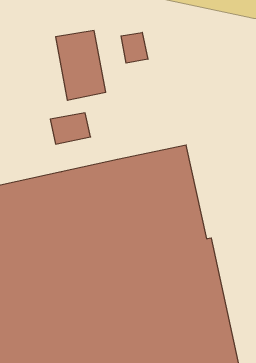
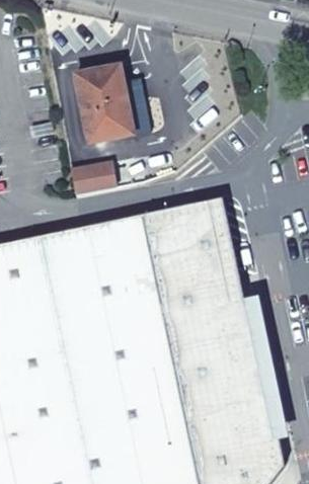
building: [121,32,148,63] -> none

